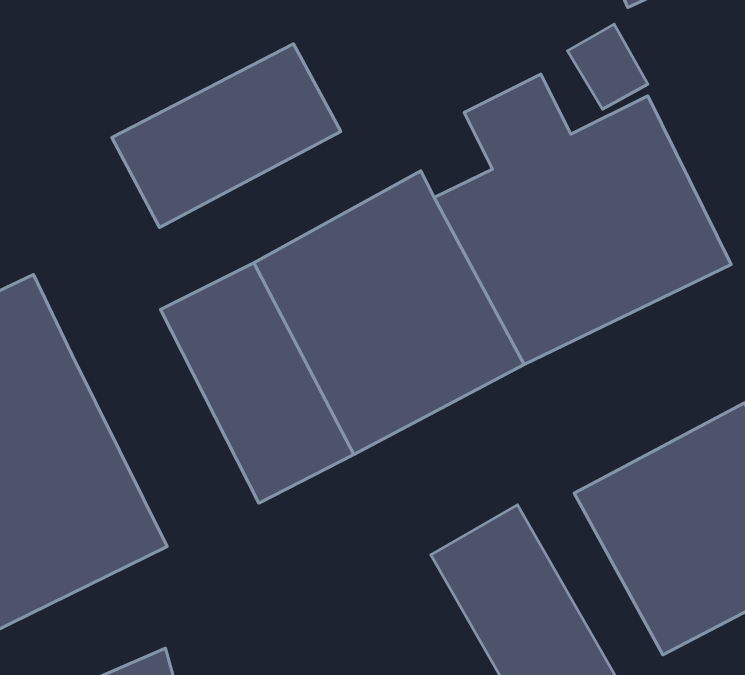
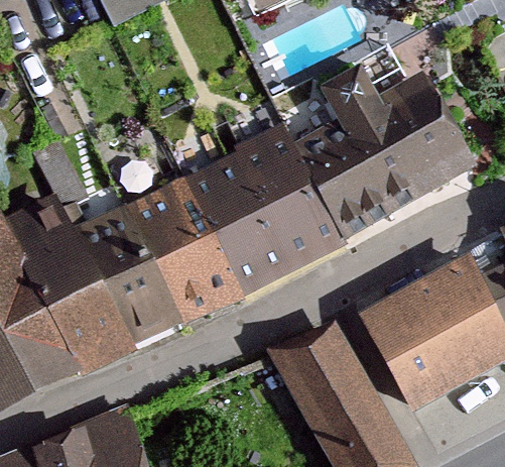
building: [112,44,341,227] -> none
building: none -> [65,206,177,349]

